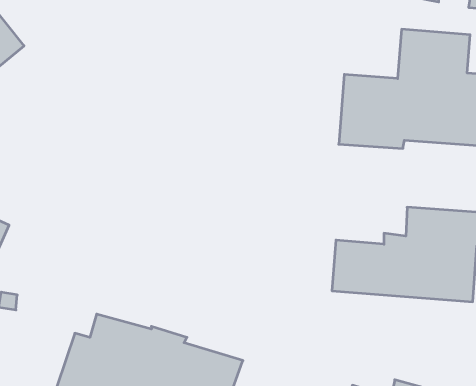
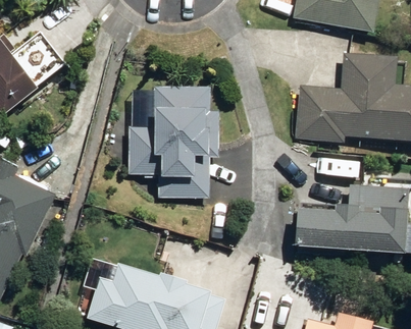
building: none -> [130,87,215,198]

